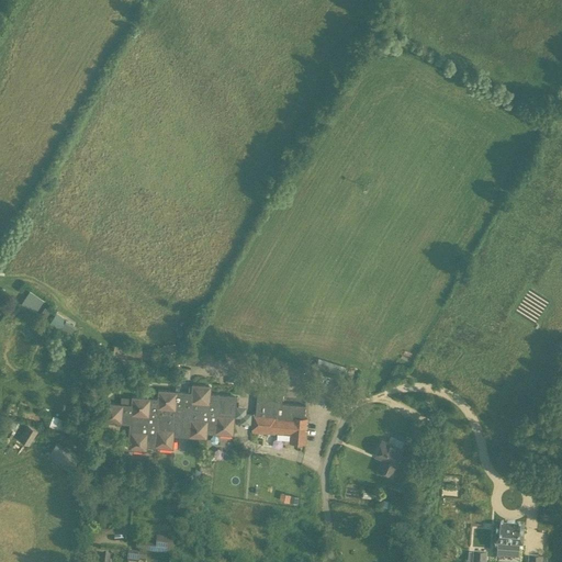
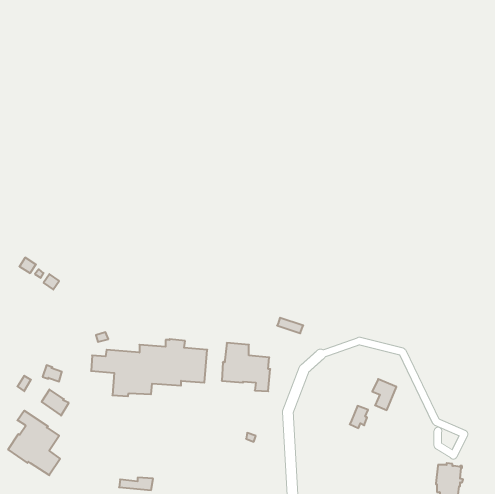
building: [374,441,402,476] -> [372,379,396,410]
building: none -> [8,411,60,475]

